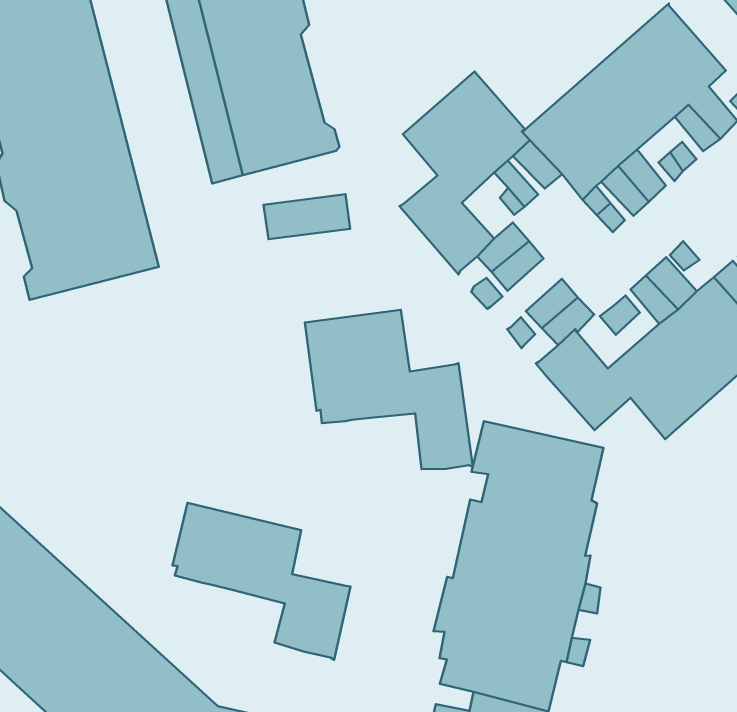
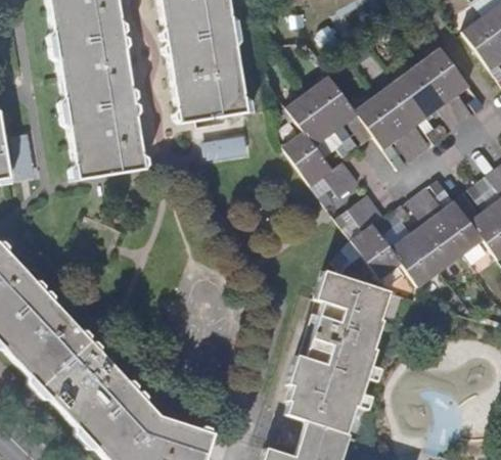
building: [305,310,473,469] -> none
building: [173,503,351,660] -> none

